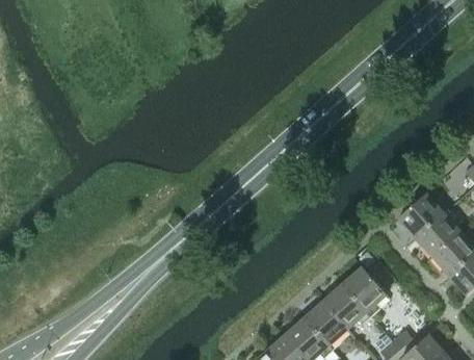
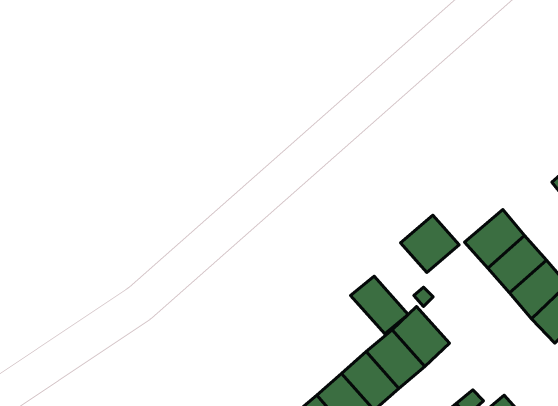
building: none -> [401,215,459,272]
building: none -> [351,276,408,334]

